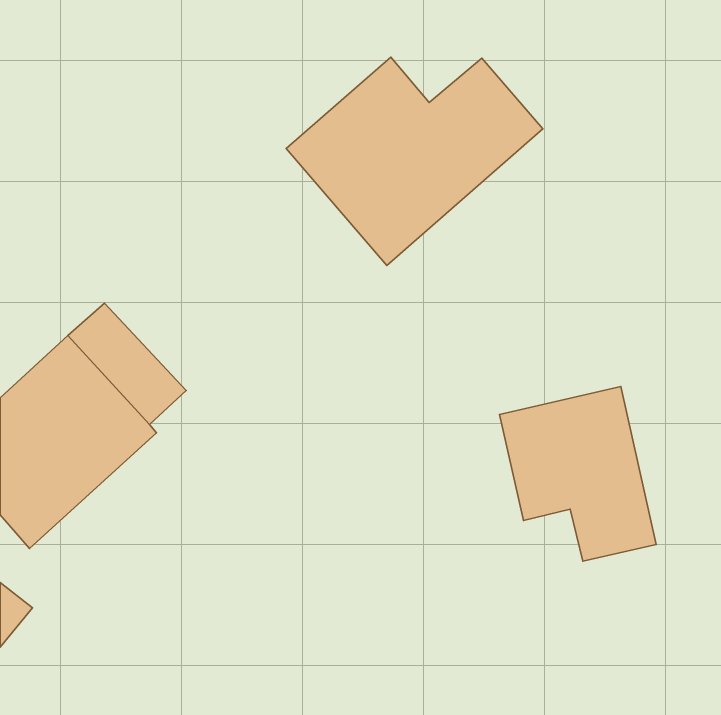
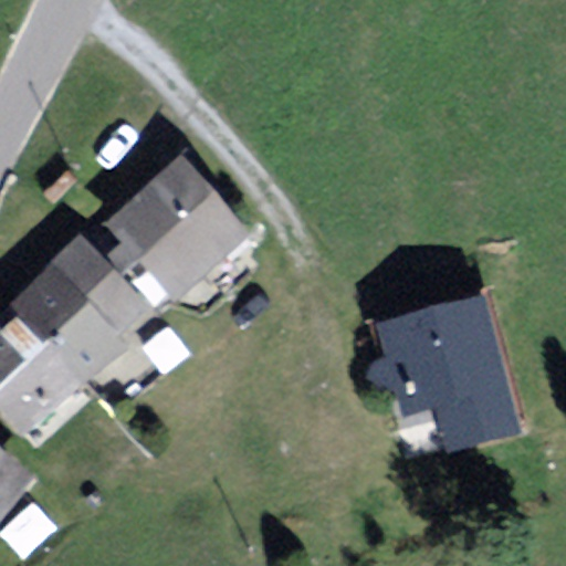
building: [286,57,543,265] -> none
building: none -> [117,165,242,290]

